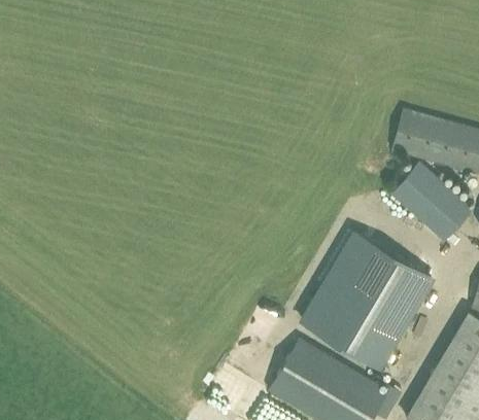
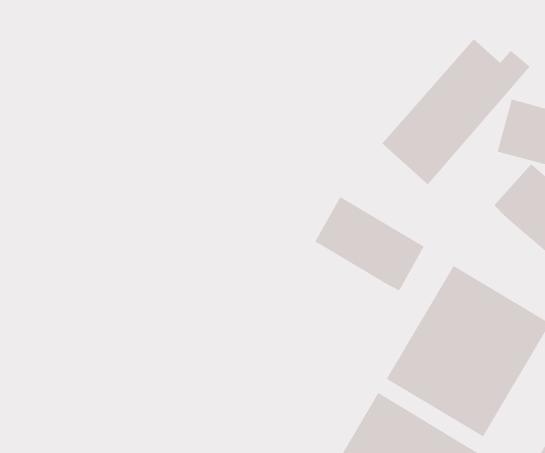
building: none -> [381,38,531,185]
building: none -> [315,196,425,291]

